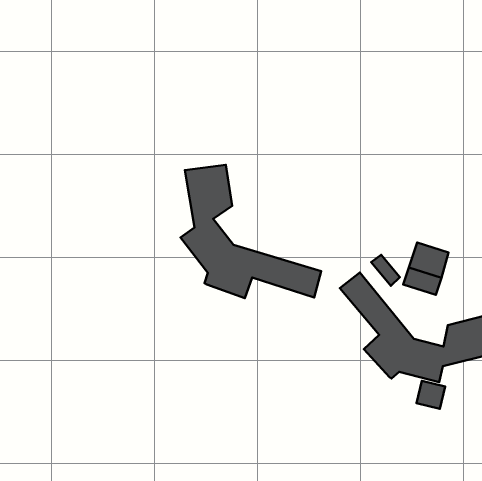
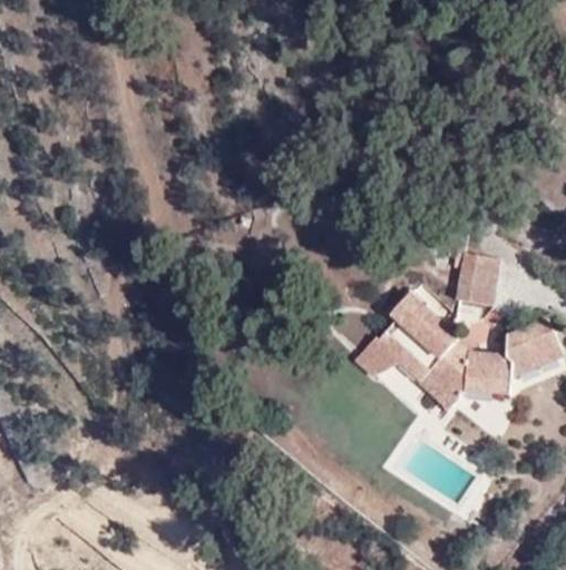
building: [180,165,321,298] -> none
building: none -> [354,335,456,407]

